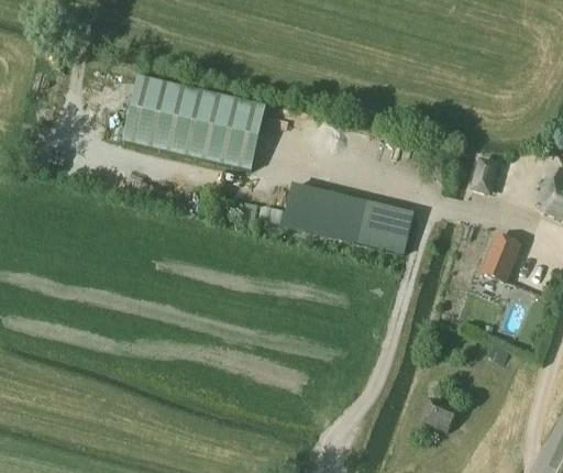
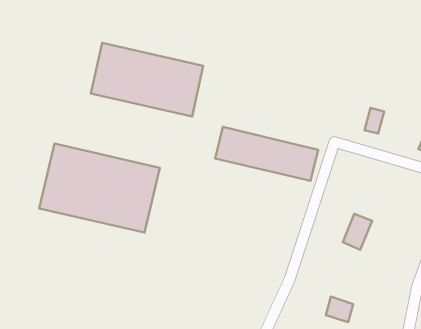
building: none -> [39,144,160,233]
building: [483,234,520,280] -> [343,214,372,250]

